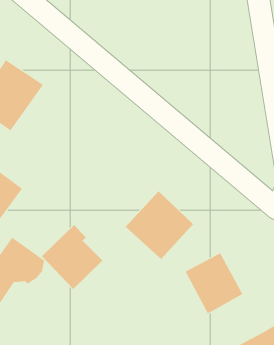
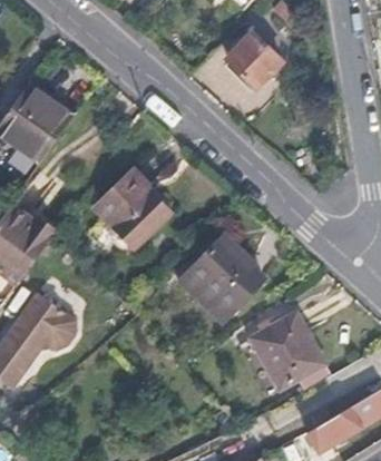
building: none -> [231,31,286,87]
building: [41,224,103,290] -> [99,168,175,248]

